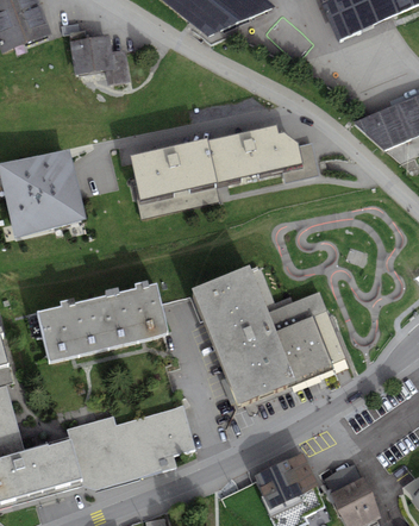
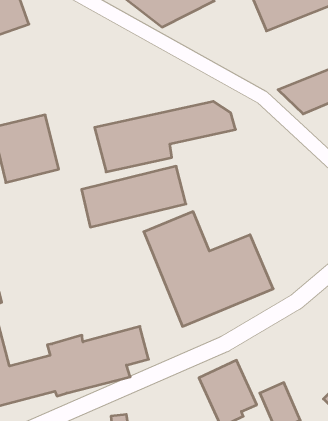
building: [68,38,123,82] -> none
building: [38,286,167,361] -> [82,166,186,227]

